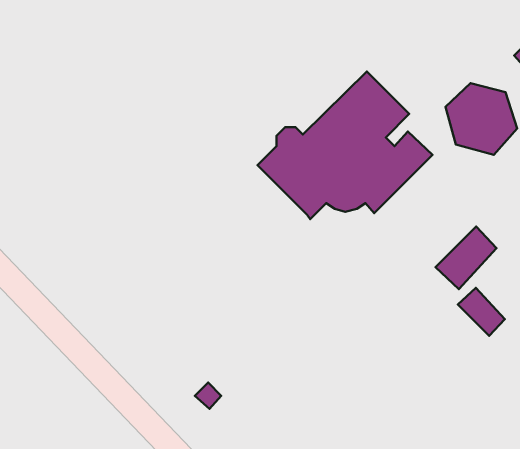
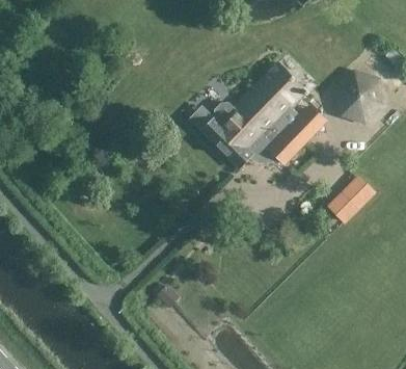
building: [458,288,505,336] -> none

